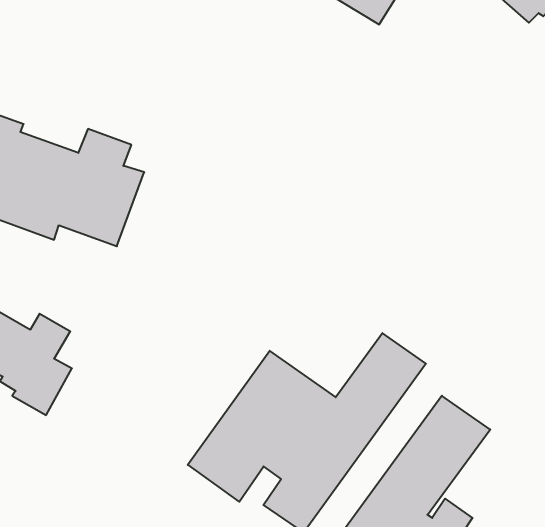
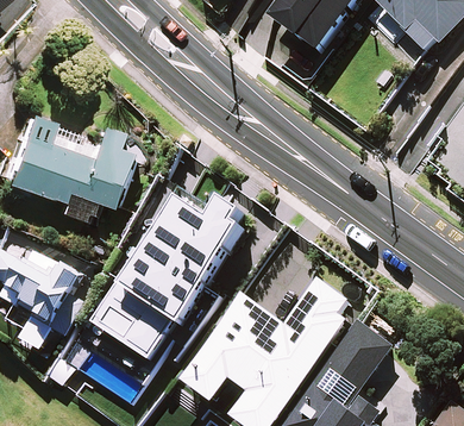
building: none -> [98,186,236,353]

